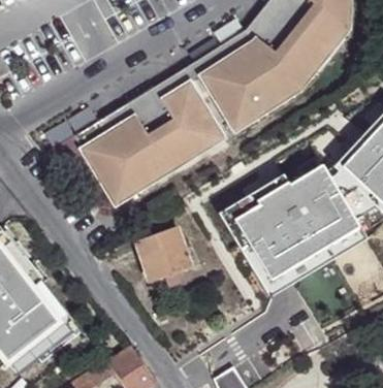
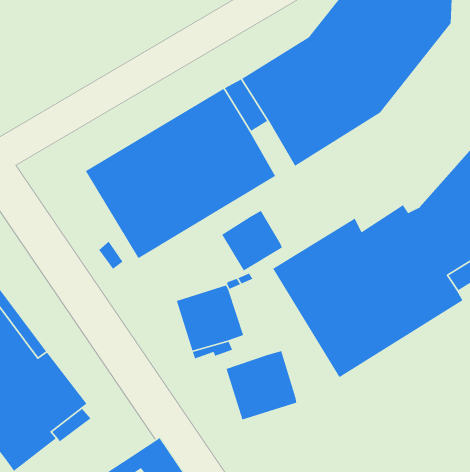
building: none -> [221,210,283,272]
building: none -> [225,350,297,421]

